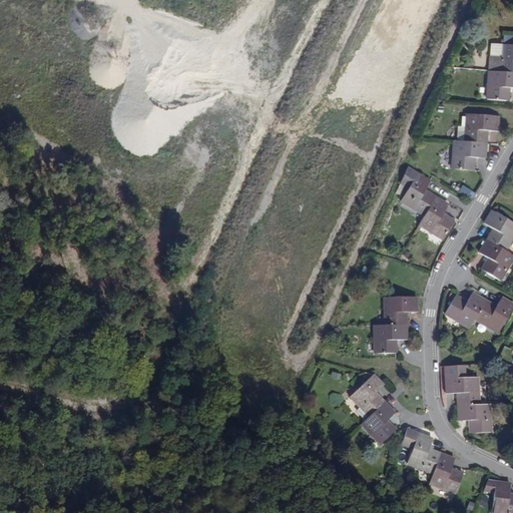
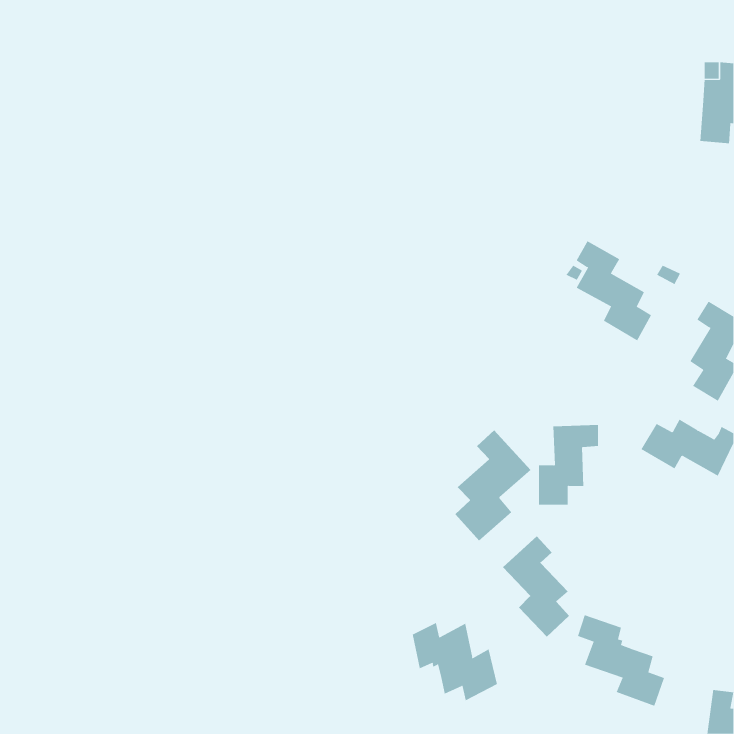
building: [453,112,499,169] -> none
building: none -> [454,430,531,542]
building: [445,364,492,433] -> none
building: none -> [412,622,498,701]

